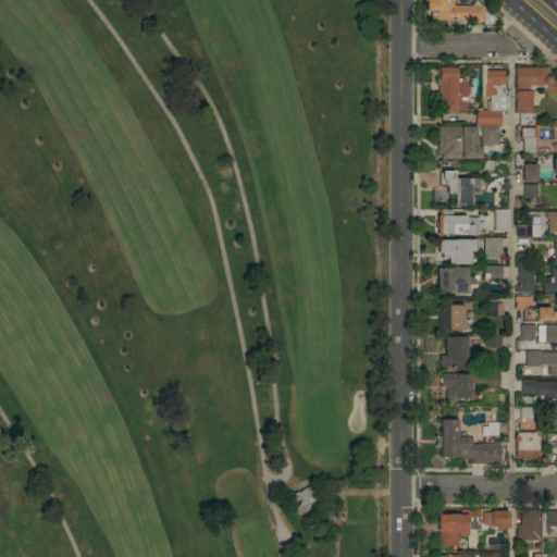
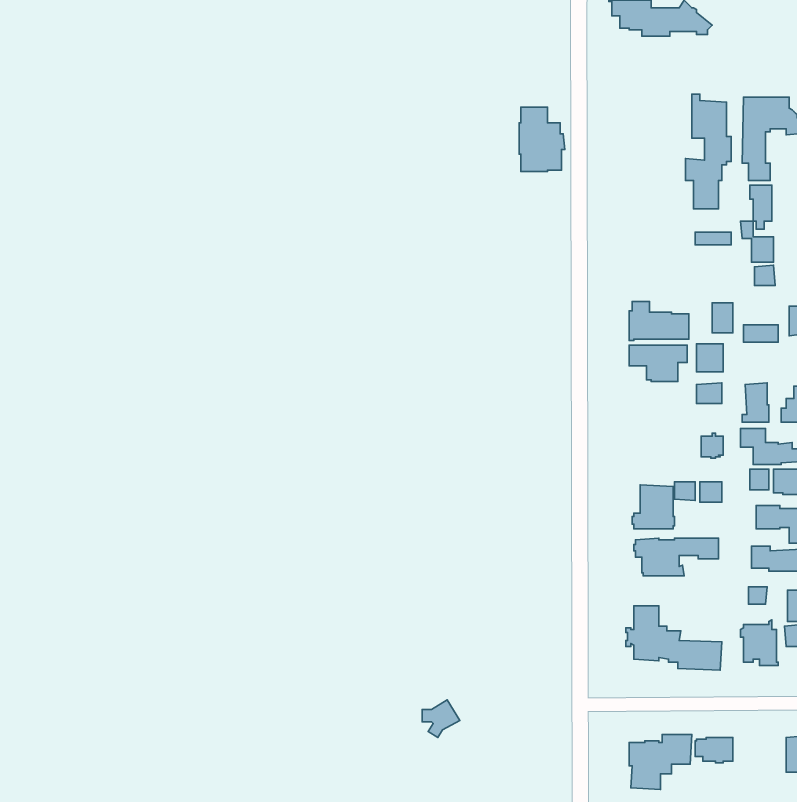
building: [441,67,472,112] -> [519,107,565,172]
building: [440,126,484,159] -> none
building: [442,173,481,205] -> none
building: [440,268,476,294] -> none
building: [440,305,475,331] -> none
building: [519,510,543,542] -> none

